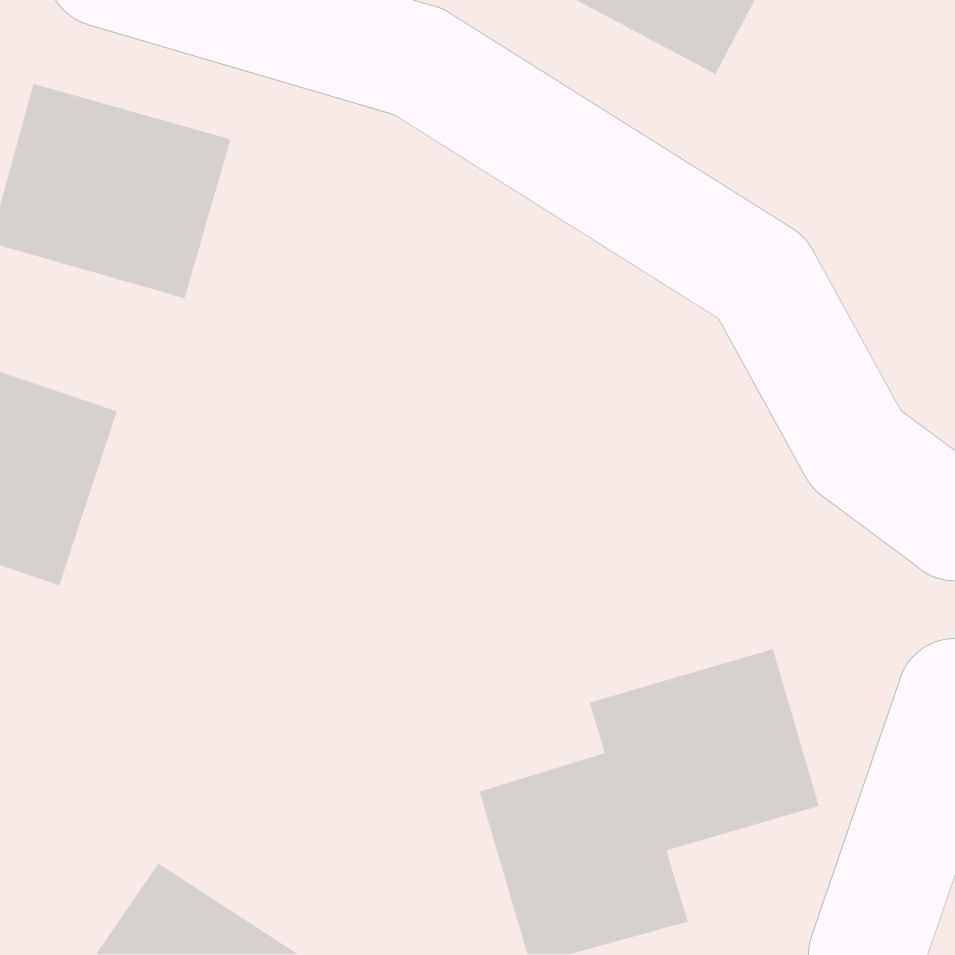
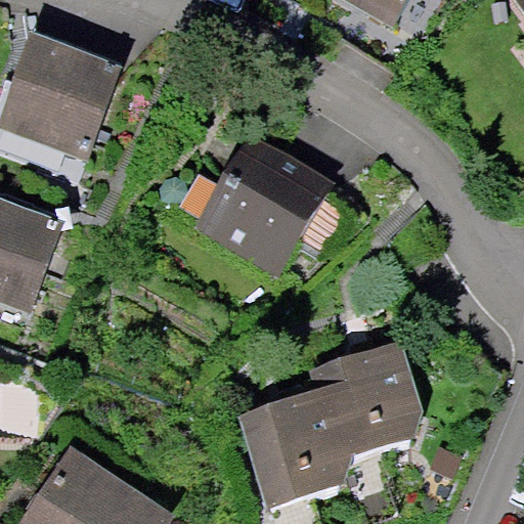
building: none -> [203,147,341,286]

